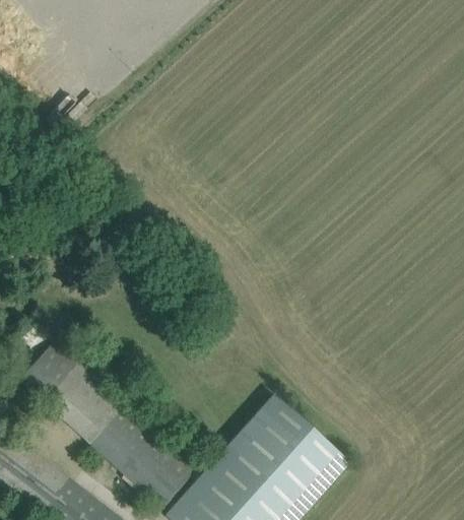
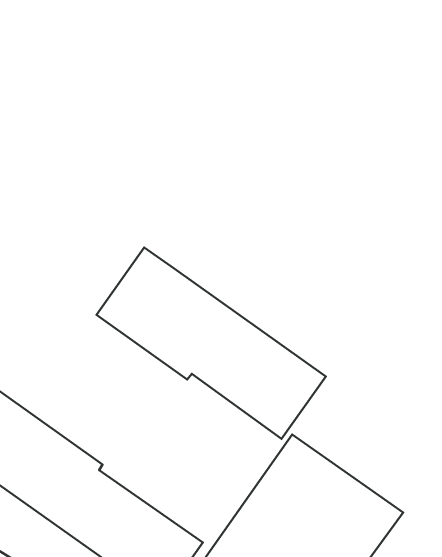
building: none -> [96,247,326,439]

